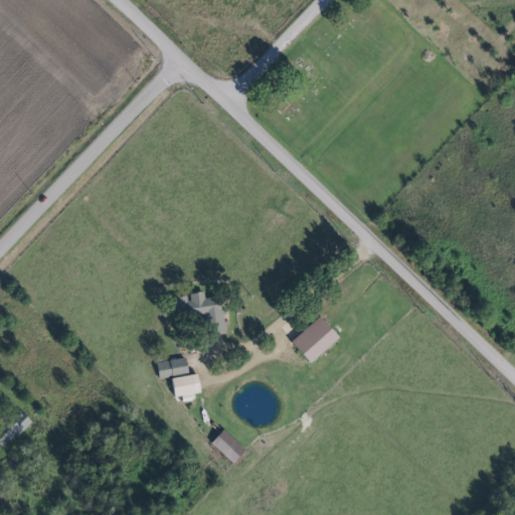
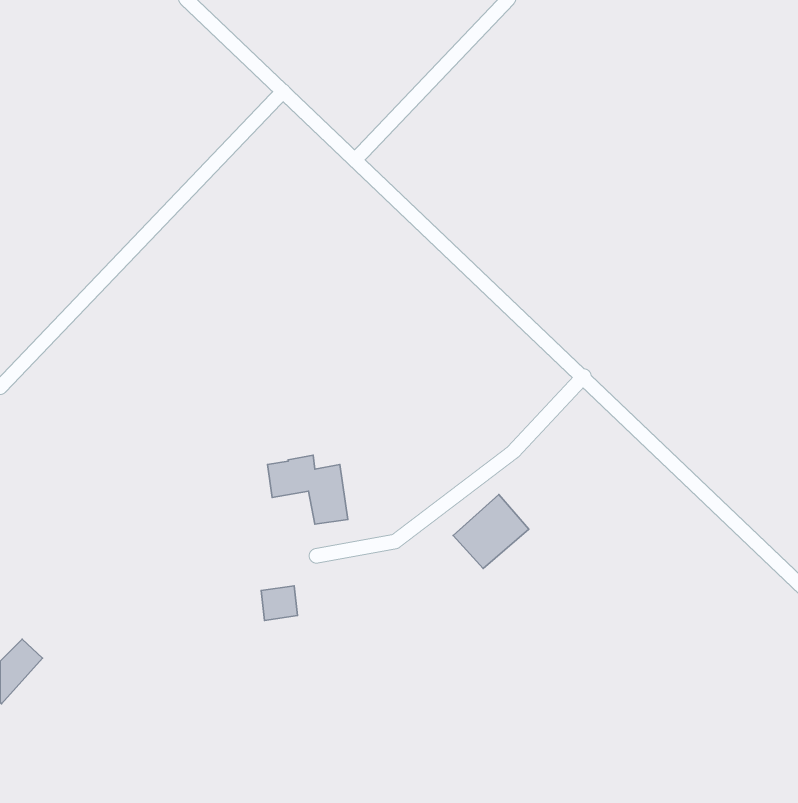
building: [157,357,189,378] -> none
building: [211,428,245,463] -> none

